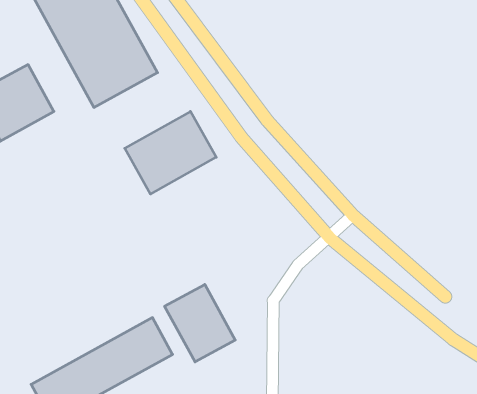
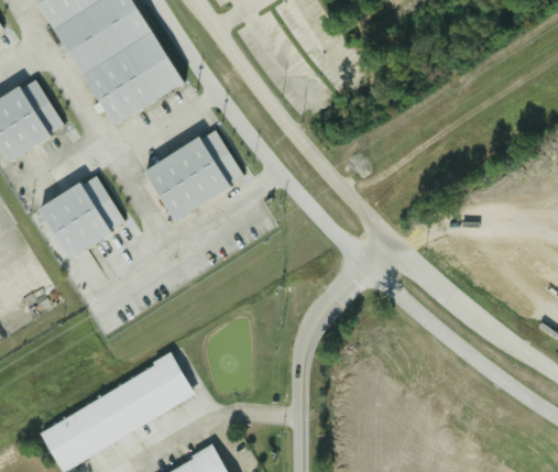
building: none -> [39,174,125,257]
building: [165,284,235,362] -> none

